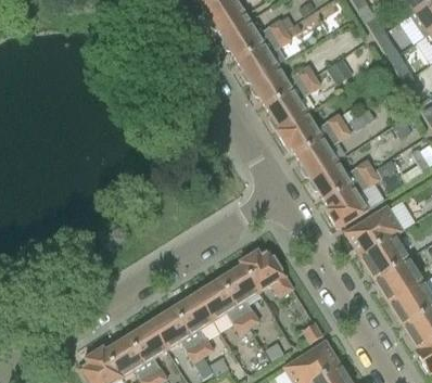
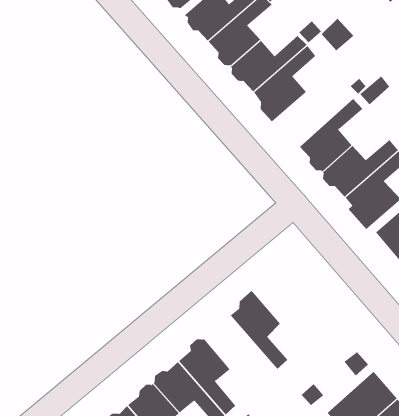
building: [277,113,344,155] -> none
building: [240,251,293,297] -> none
building: [196,279,250,334] -> none

